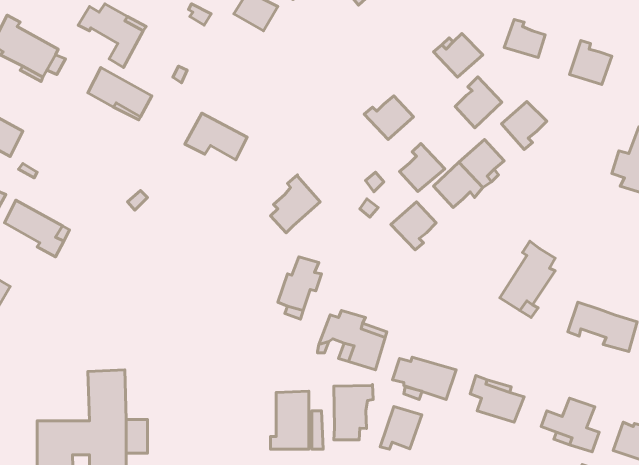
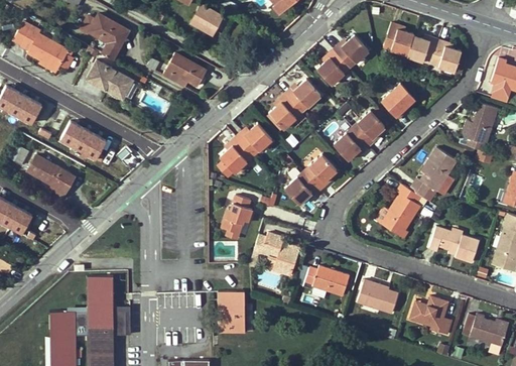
building: none -> [407,37,438,66]
building: [455,77,502,128] -> [317,49,351,86]
building: [185,113,247,160] -> [159,52,204,86]
building: [399,143,445,191] -> [269,94,301,128]
building: none -> [60,122,106,162]
building: none -> [237,124,272,156]
building: none -> [409,148,457,199]
building: none -> [285,172,320,205]
building: [334,384,373,440] -> none
building: [380,407,422,449] -> none

